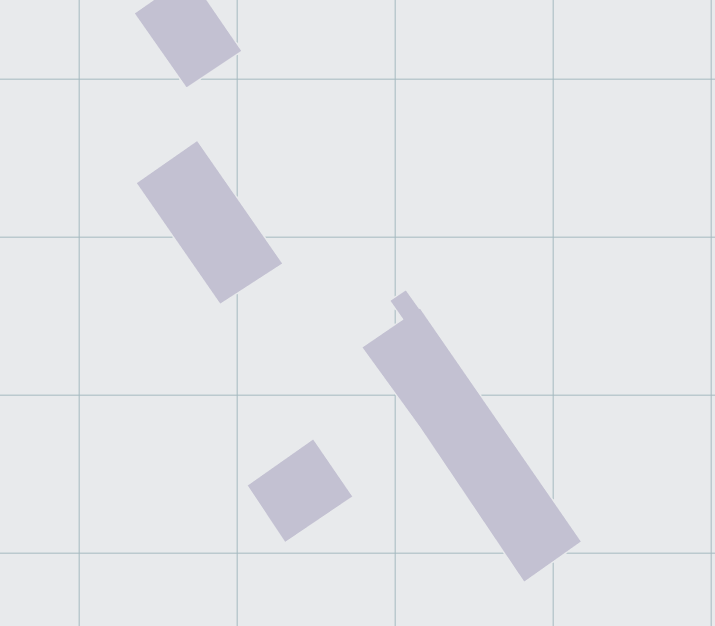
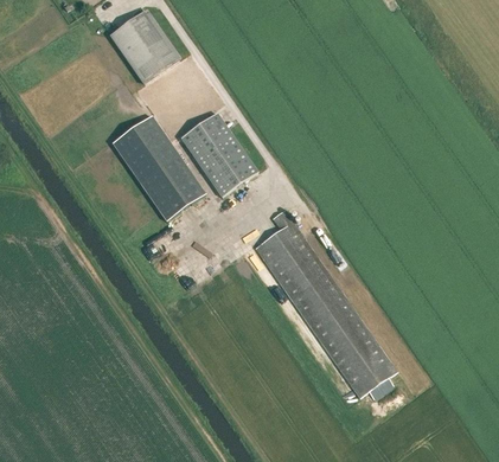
building: none -> [180,113,257,197]
building: [247,439,353,543] -> none

